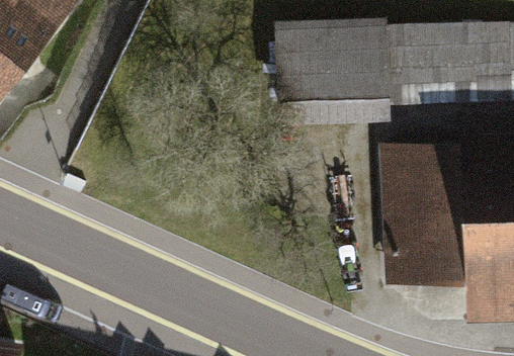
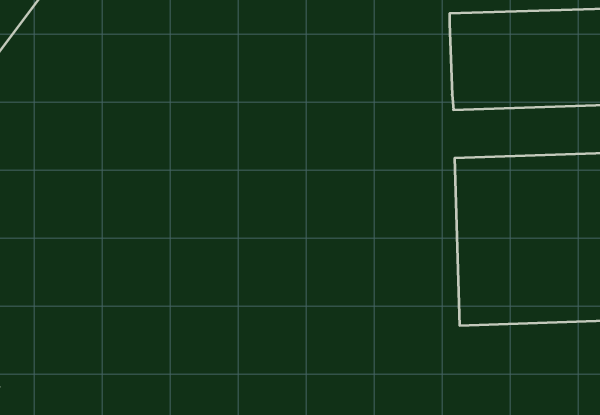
building: [281,34,390,96] -> none

